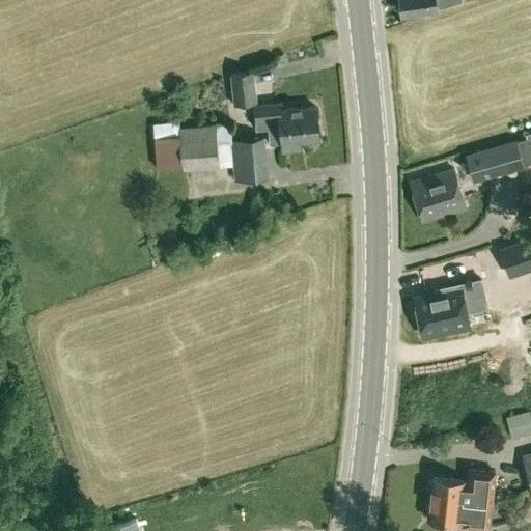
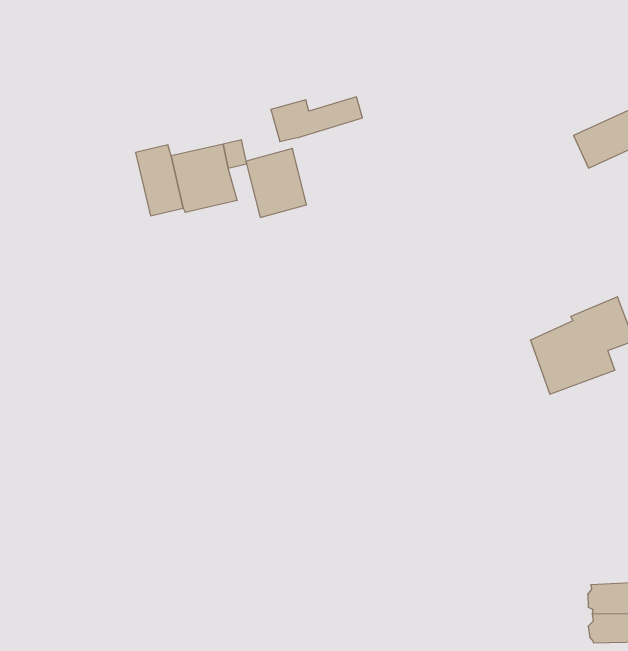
building: [230,73,256,108] -> none
building: [268,123,319,153] -> none
building: [410,171,466,224] -> none

